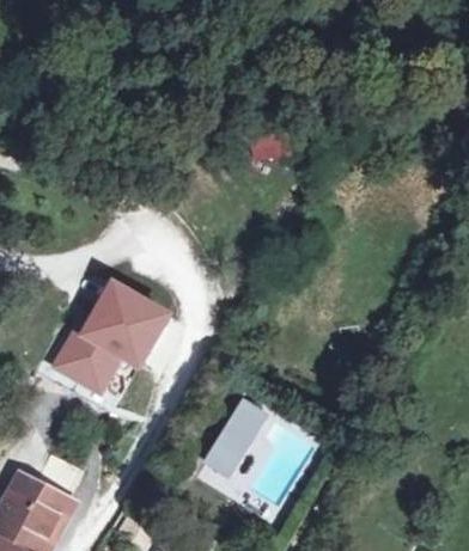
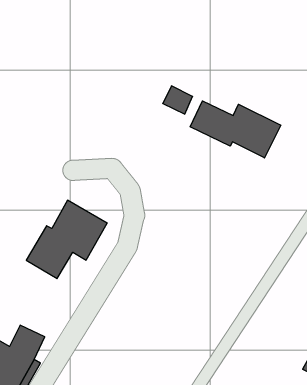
building: none -> [190,101,281,158]
building: [203,403,262,475] -> none

